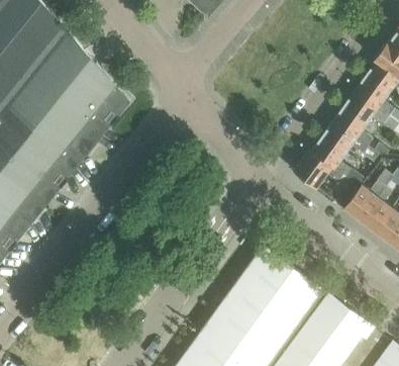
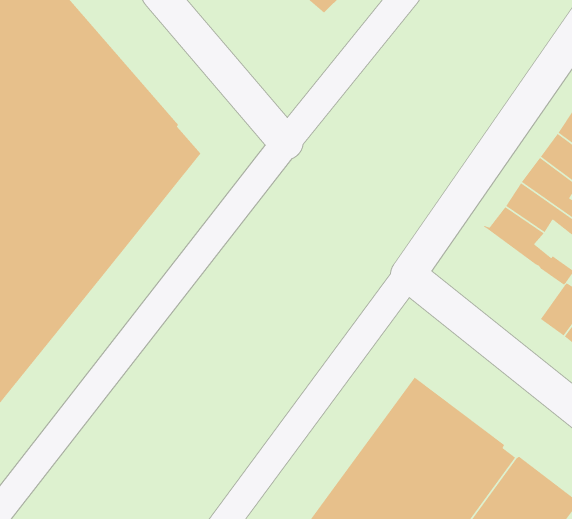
building: [293,150,343,188] -> none

